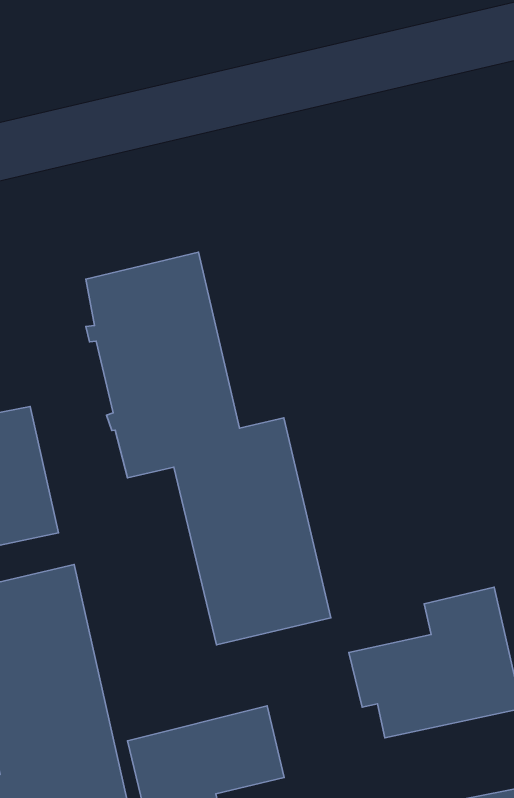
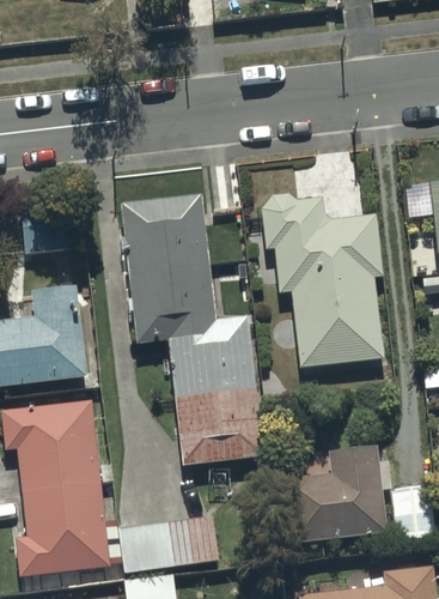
building: none -> [261,193,383,365]

